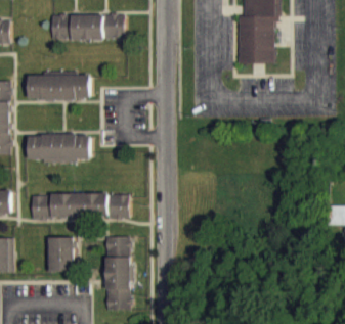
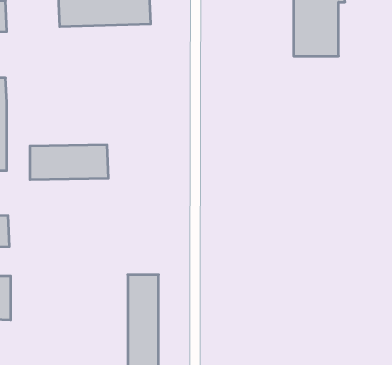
building: [28,75,89,100] -> none
building: [31,194,128,218] -> none
building: [48,237,74,272] -> none

